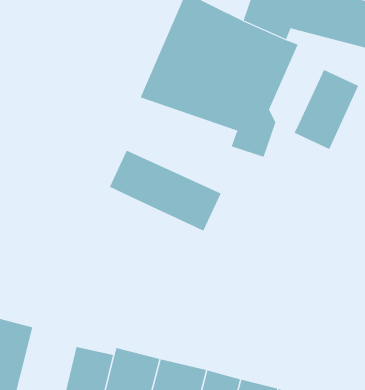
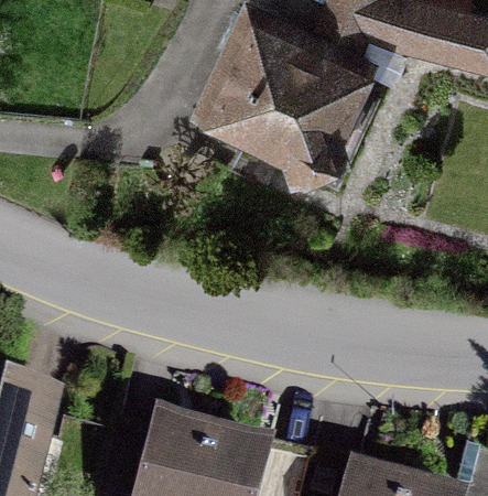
building: [294,69,359,150] -> none
building: [109,150,221,231] -> none

